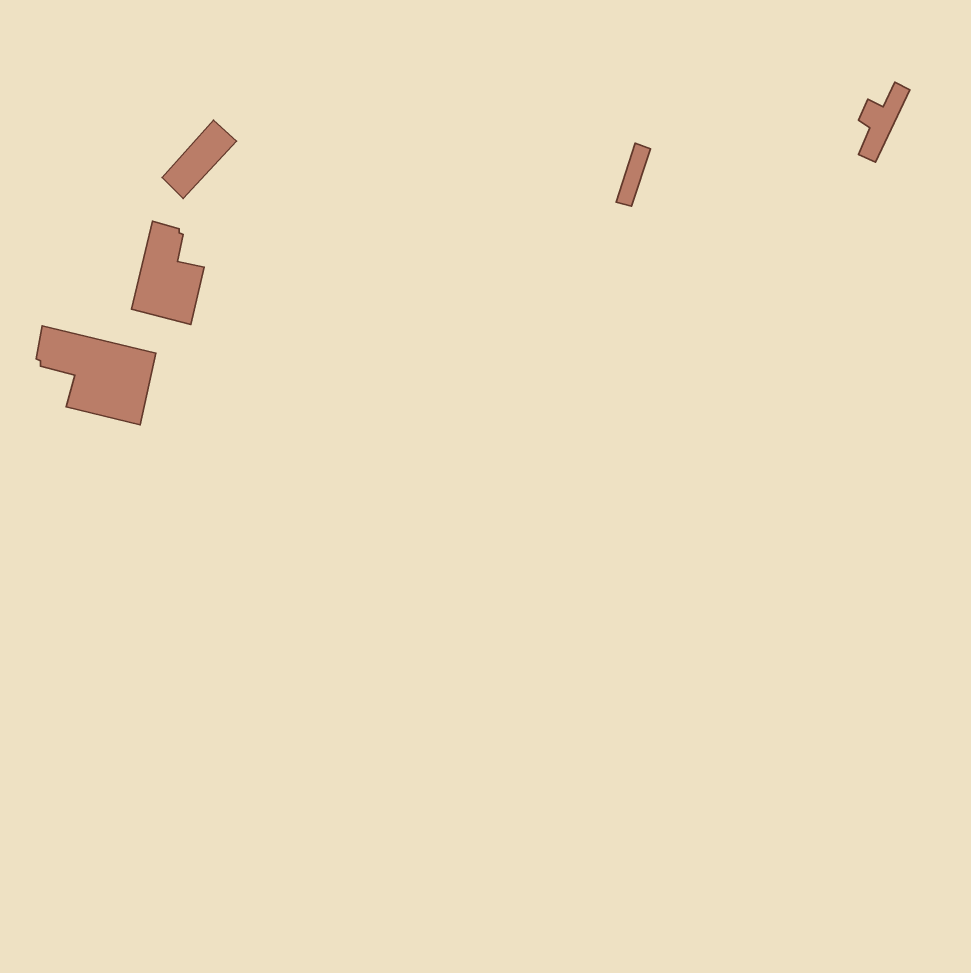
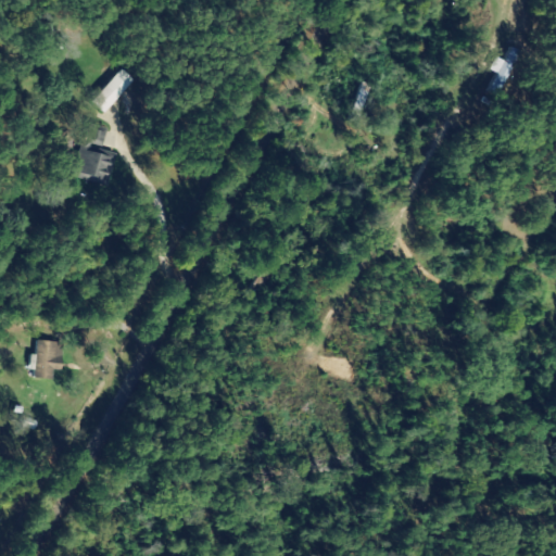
building: [36,326,156,425] -> none
building: none -> [34,341,63,379]

